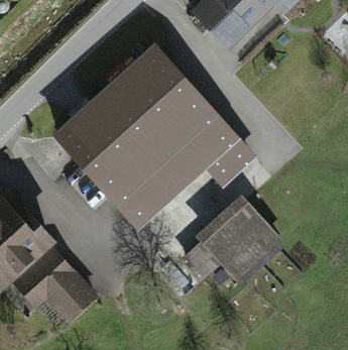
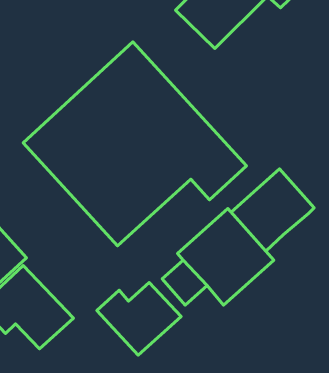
building: none -> [231,169,314,251]
building: none -> [97,283,181,355]

